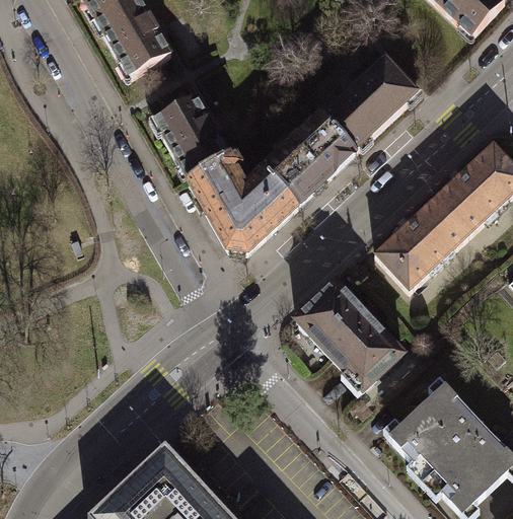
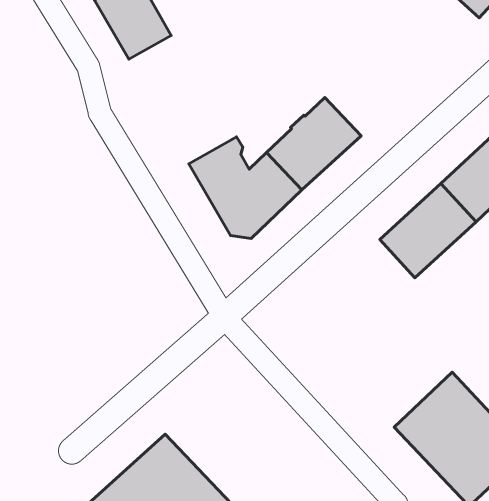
building: [320,56,418,150] -> none
building: [154,94,230,177] -> none
building: [295,279,402,392] -> none

